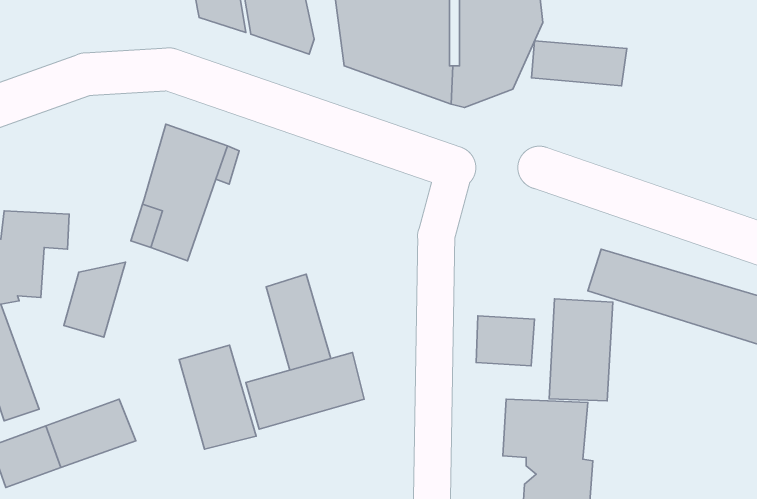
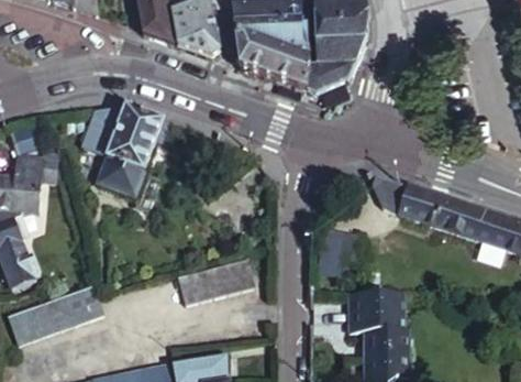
building: [531,41,627,86] -> none
building: [64,262,125,337] -> [81,106,122,155]
building: [266,274,331,370] -> none
building: [549,299,613,401] -> none
building: [179,345,256,449] -> none

